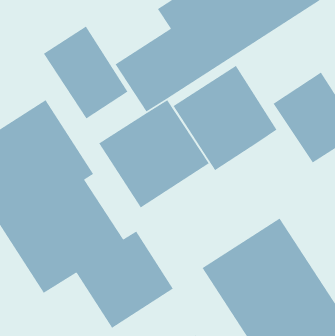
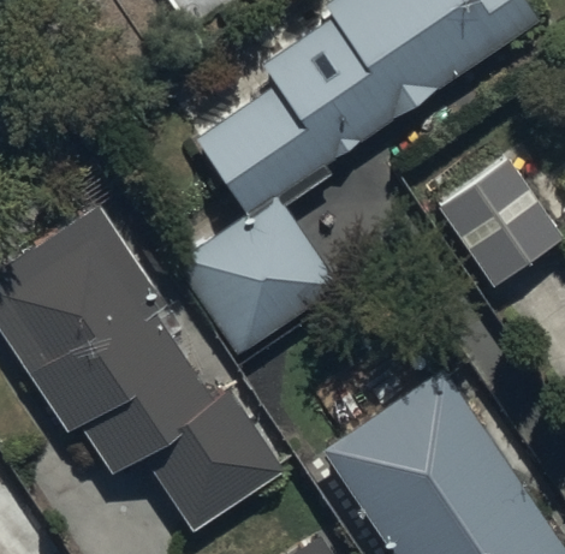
building: [43,26,128,119] -> none
building: [173,65,278,171] -> none

